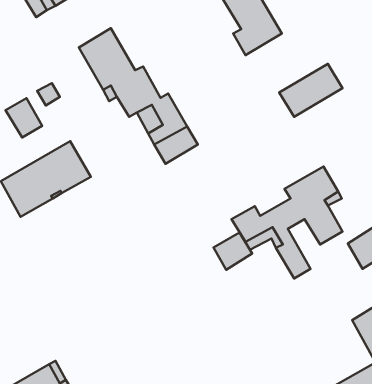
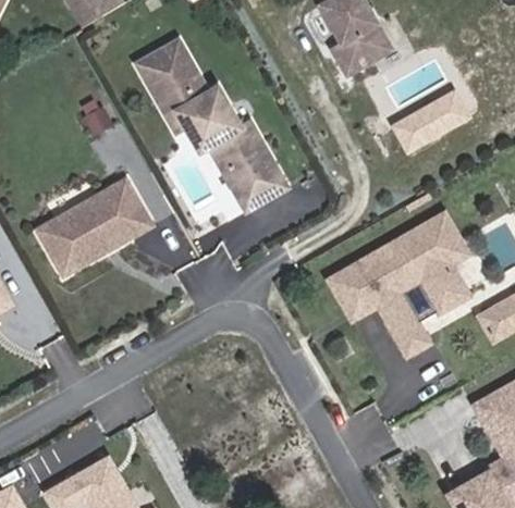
building: [5,98,42,137] -> none
building: [213,232,252,270] -> none

